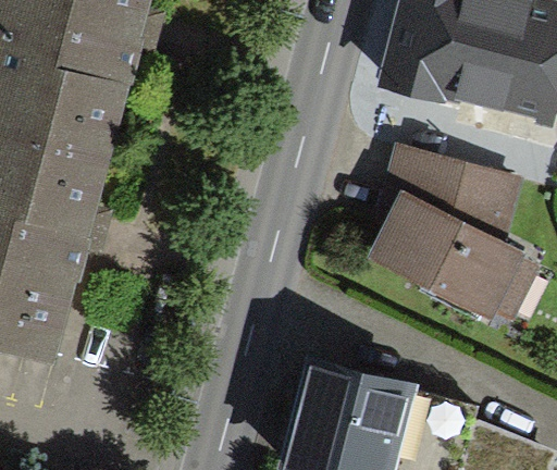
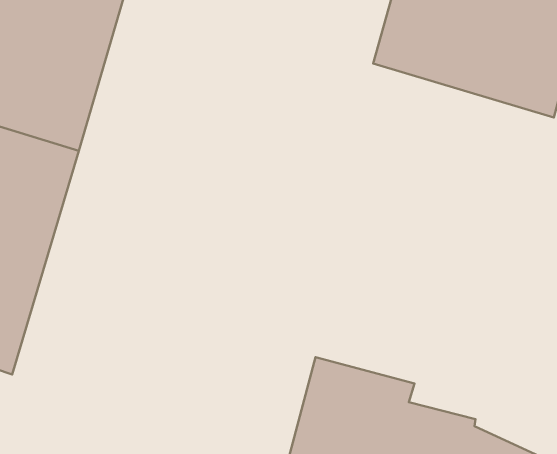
building: [361,147,536,314] -> none

